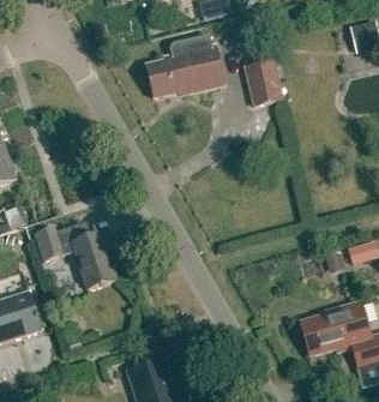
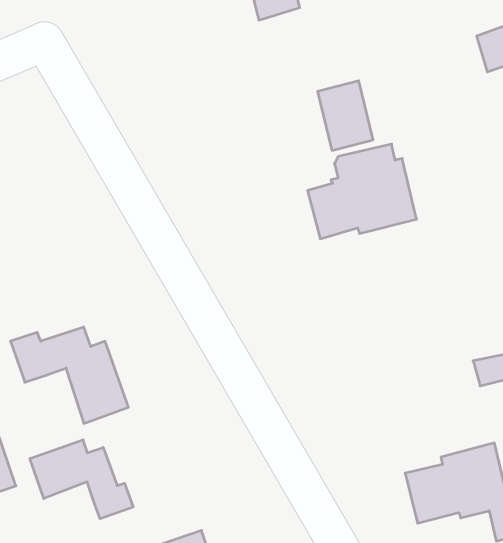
building: [149,34,222,97] -> [308,144,417,239]
building: none -> [30,440,133,519]

